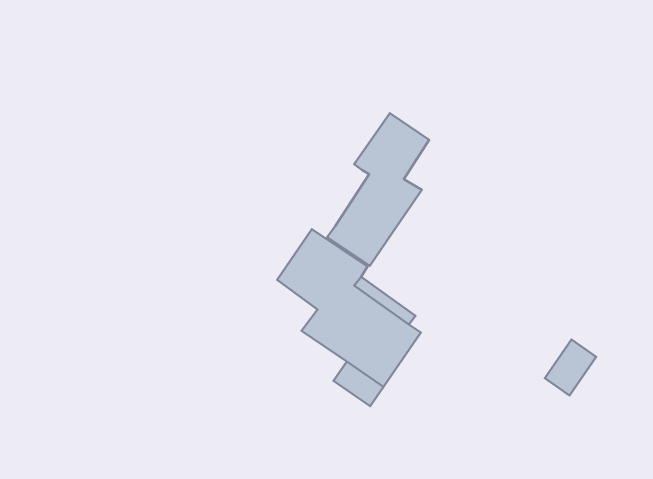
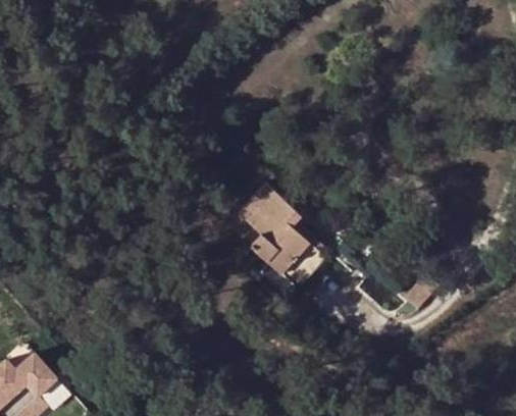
building: [327,113,429,266] -> none

